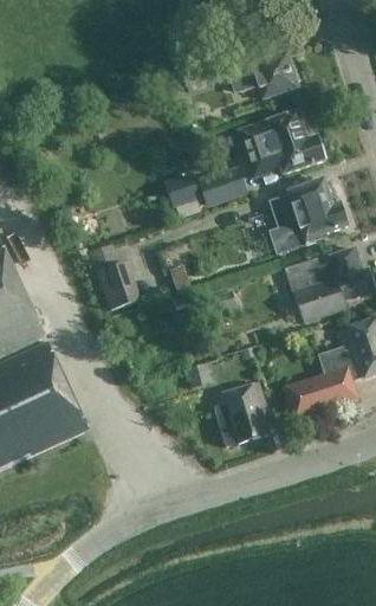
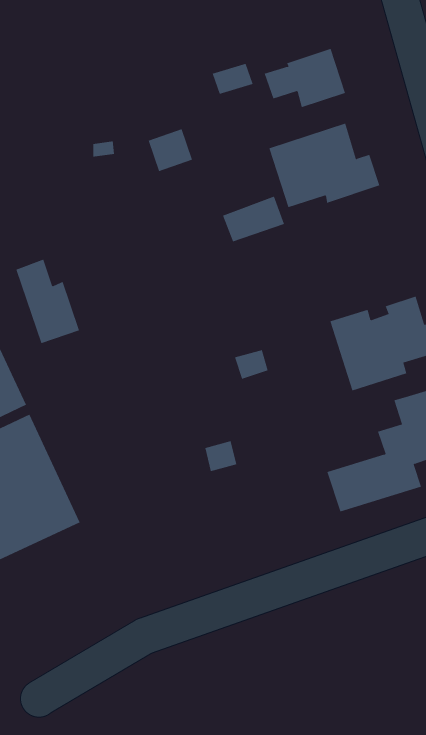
building: [163,173,199,207] -> [148,129,193,172]
building: [270,179,346,251] -> none
building: [90,243,141,310] -> [16,259,80,344]
building: [213,382,267,446] -> none

